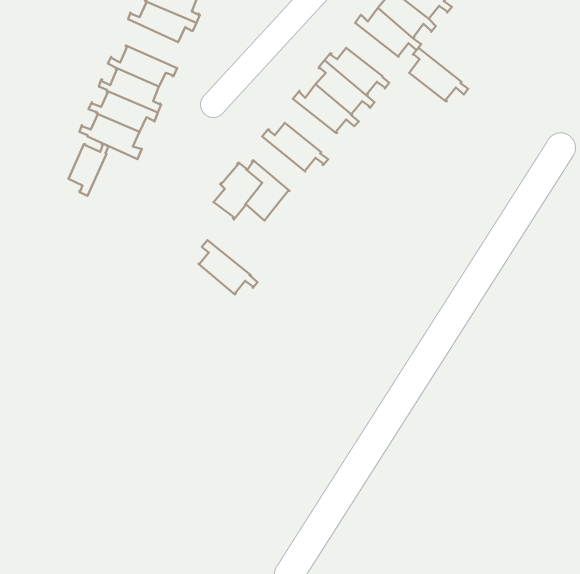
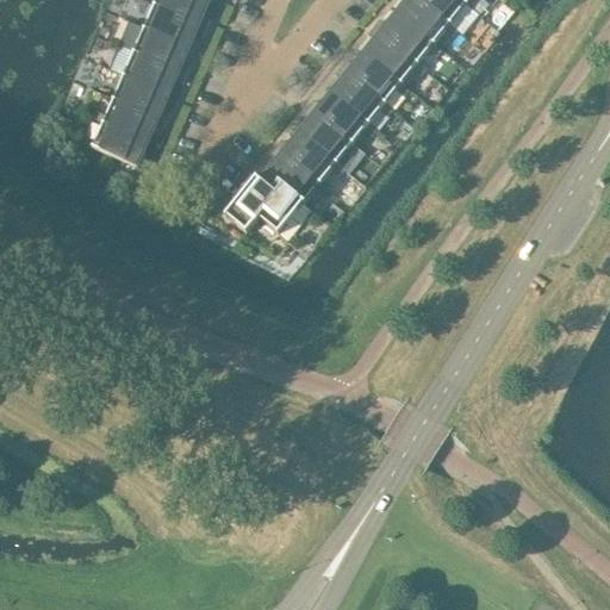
building: none -> [124,24,189,71]
building: [409,48,468,101] -> [363,24,425,80]
building: none -> [299,104,360,160]
building: [68,143,108,196] -> none
building: [199,240,258,295] -> [266,143,328,200]

